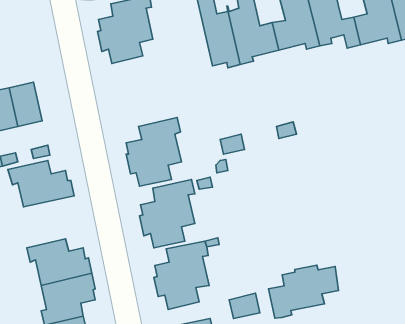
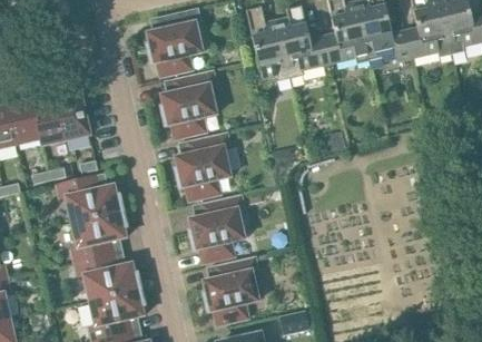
building: none -> [160,69,216,139]
building: none -> [71,211,126,263]
building: [268,265,339,318] -> none

